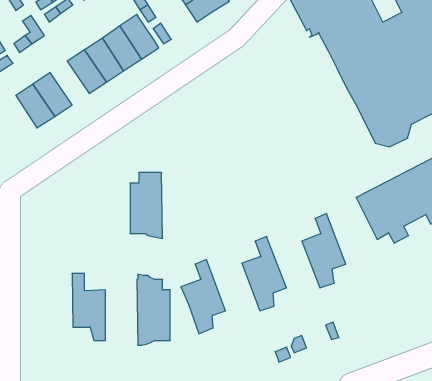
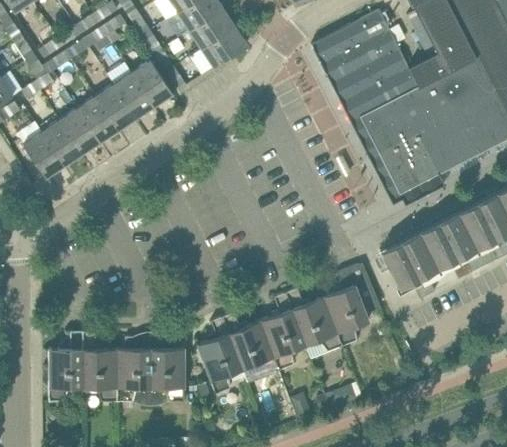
building: none -> [59,108,100,154]
building: [130,173,163,238] -> [117,337,151,406]
building: none -> [286,288,342,350]
building: none -> [223,312,279,374]
building: none -> [48,331,83,401]

